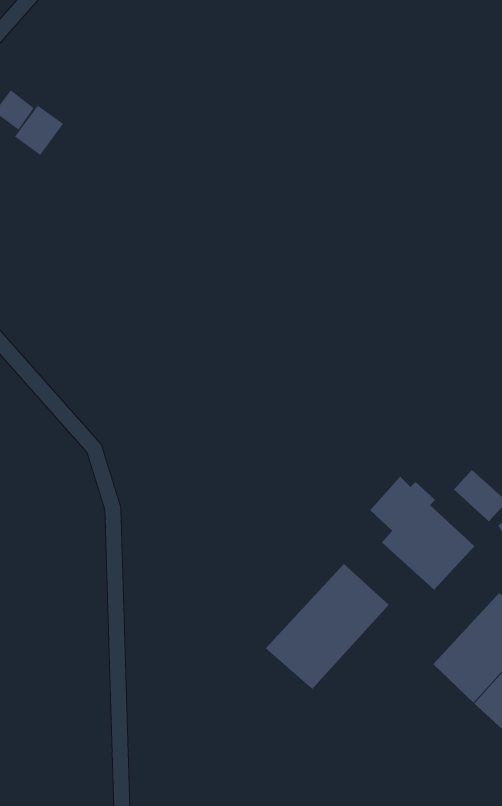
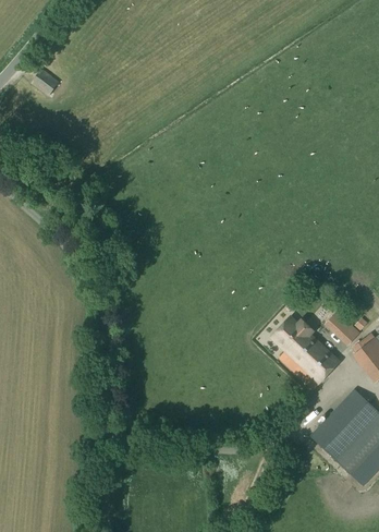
building: [14,105,64,156] -> none
building: [265,563,389,690] -> none

